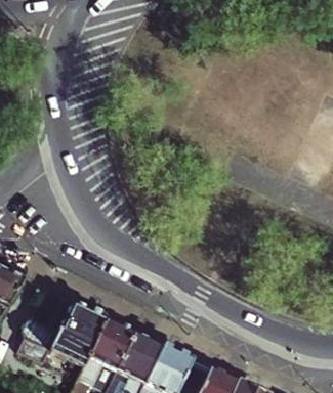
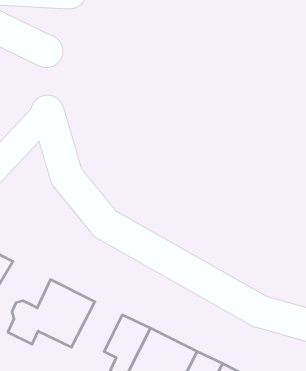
building: [77,319,133,384] -> none

